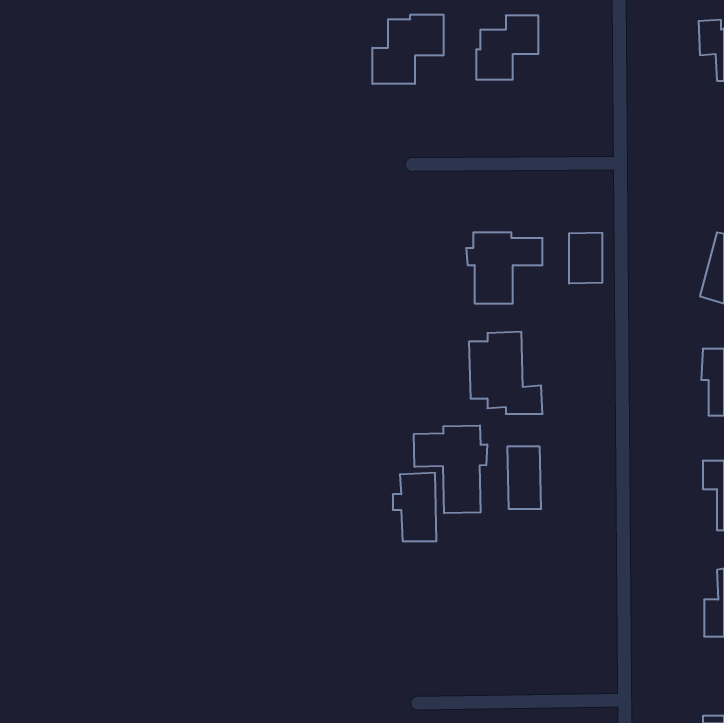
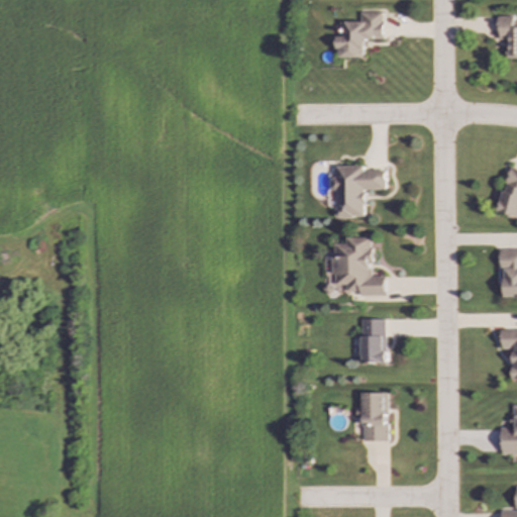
building: [372,15,443,84] -> none
building: [569,233,602,284] -> none
building: [414,425,487,513] -> none
building: [393,473,437,541] -> [356,392,388,440]

